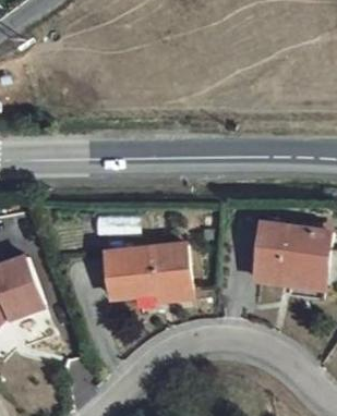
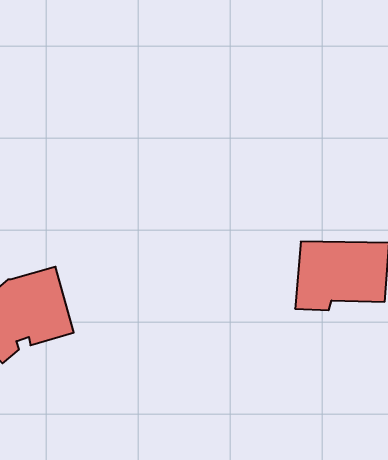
building: [117,248,183,308] -> none

